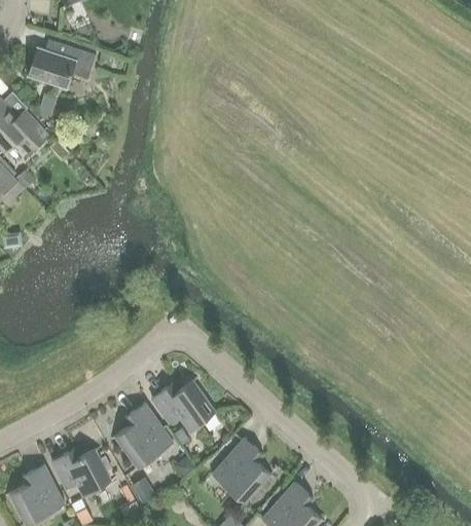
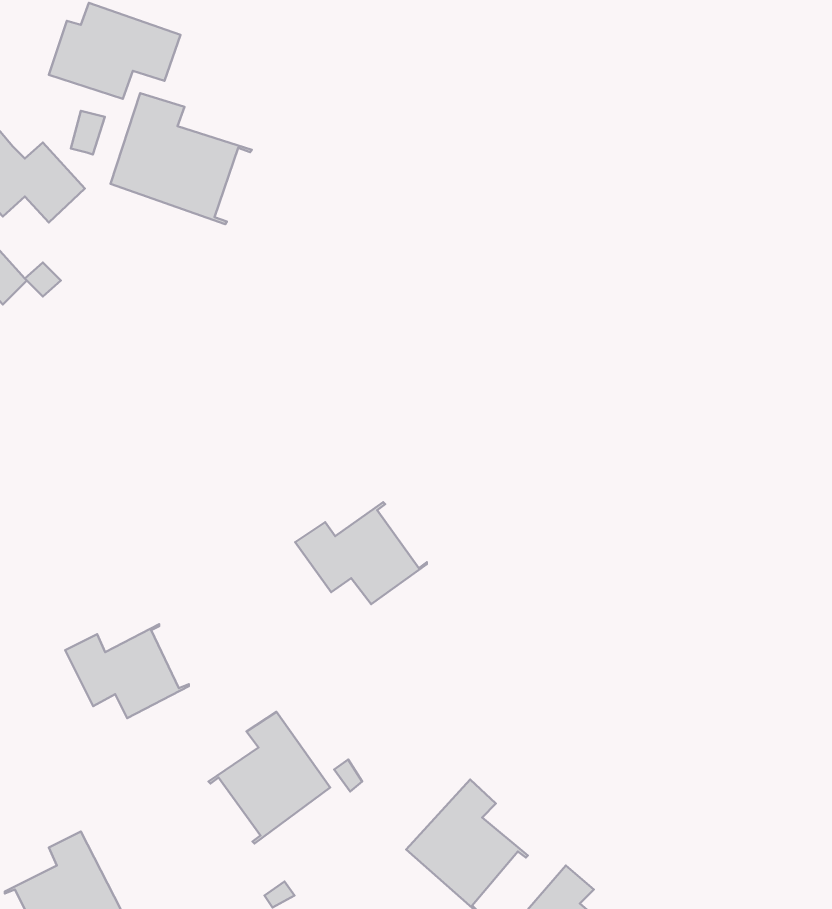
building: none -> [110,93,252,224]
building: [151,377,219,429] -> [295,502,427,604]
building: [51,447,115,495] -> [65,624,189,718]

